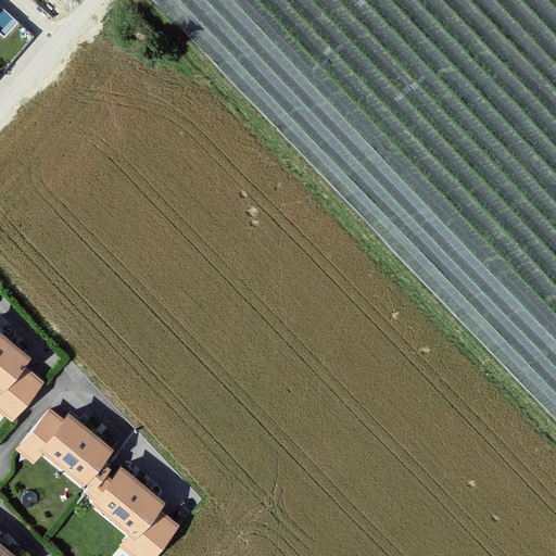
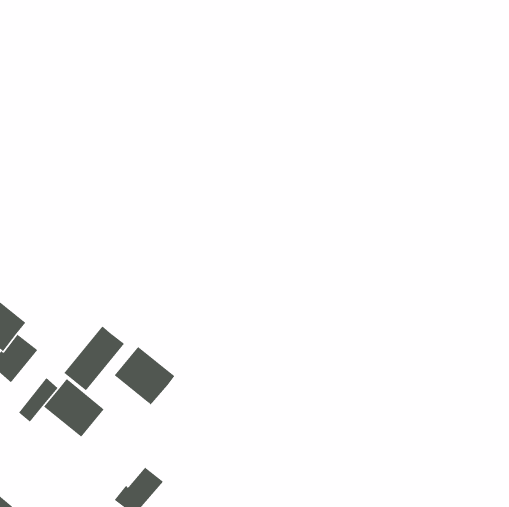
building: none -> [63,326,125,391]
building: [98,469,164,533] -> [114,346,175,406]

